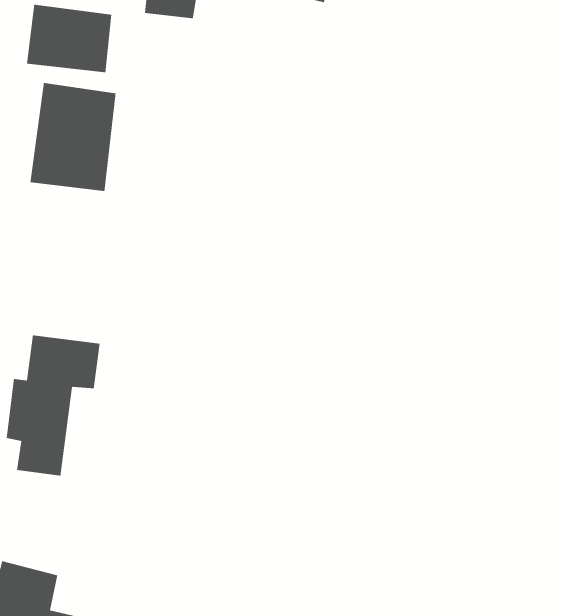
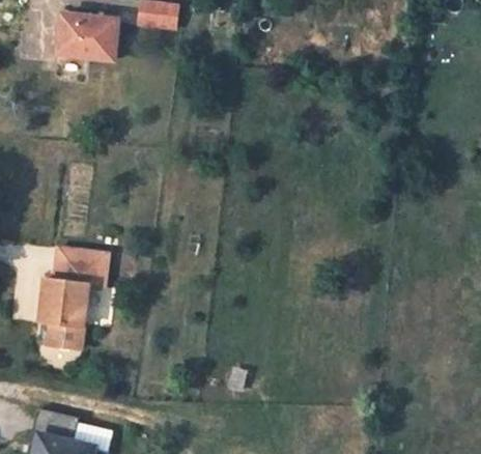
building: [30,82,116,192] -> none

